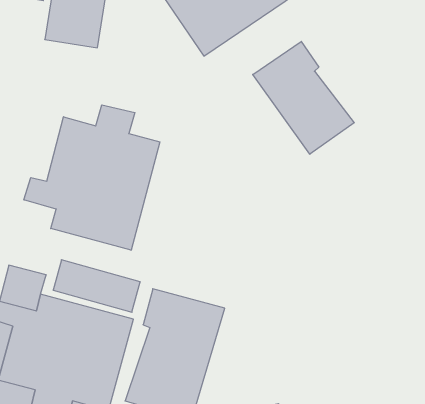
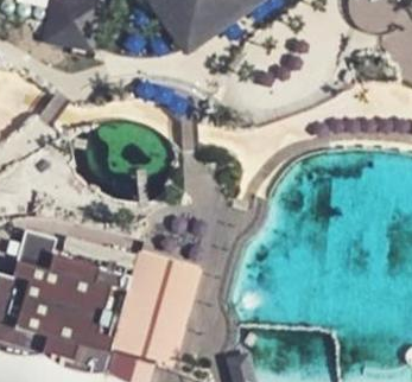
building: [253,41,354,154] -> none
building: [24,105,160,250] -> none

